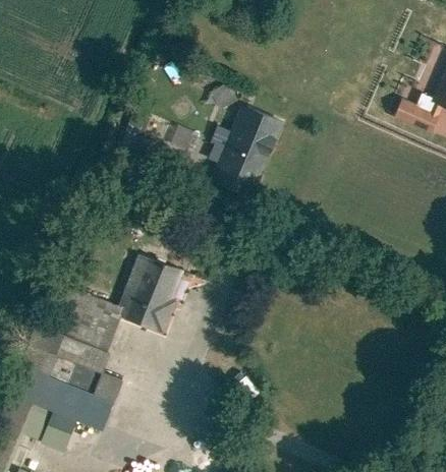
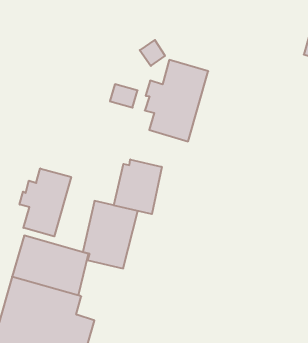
building: none -> [20,168,71,236]
building: none -> [114,159,162,214]

